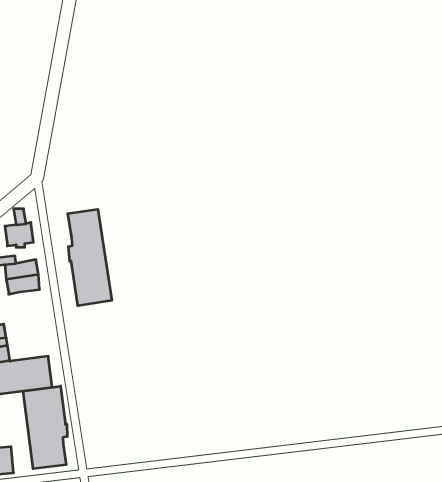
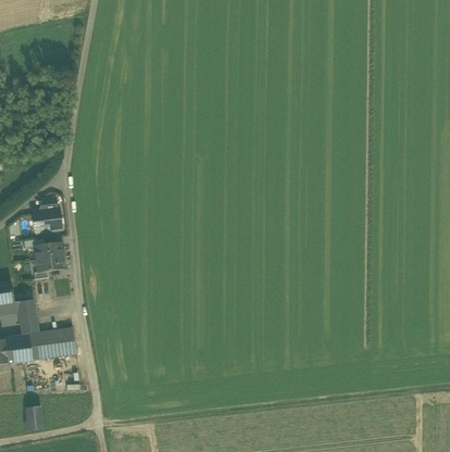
building: [68,209,112,306] -> none
building: [23,386,67,469] -> none

